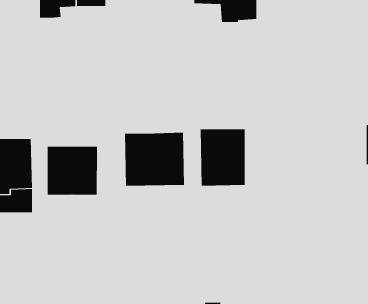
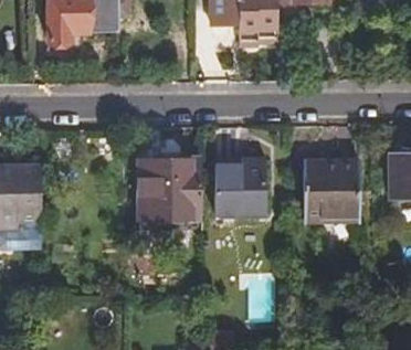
building: none -> [303,161,358,216]
building: [47,146,97,196] -> none

